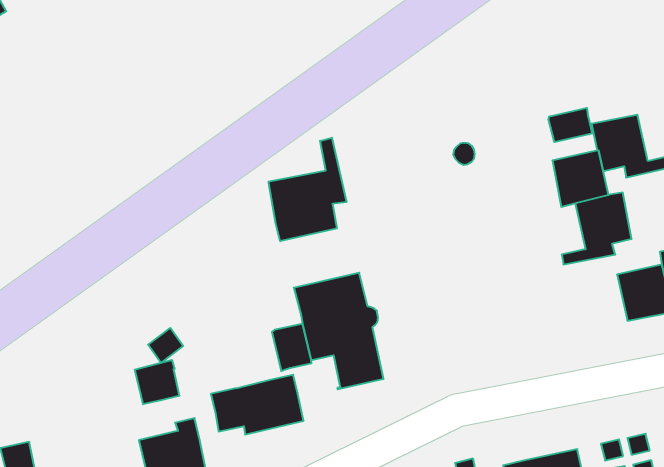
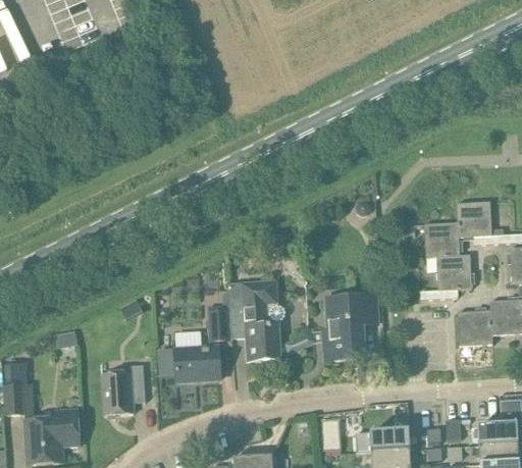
building: [549,108,592,142] -> none
building: [269,138,347,241] -> none
building: none -> [323,294,377,360]
building: [135,360,179,404] -> none

